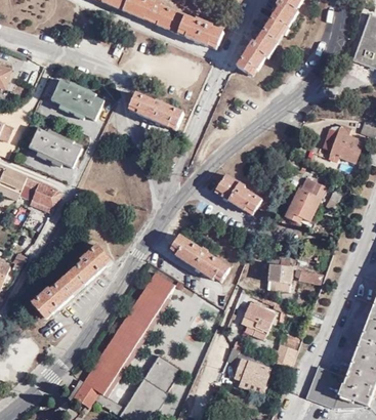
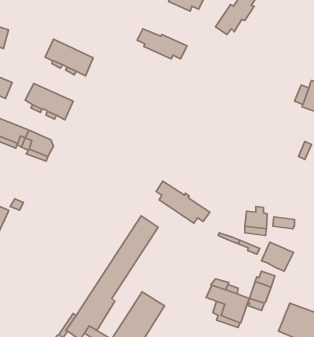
building: [129,94,183,127] -> [137,29,187,59]
building: [215,172,264,211] -> none
building: [283,177,324,223] -> none
building: [31,244,110,317] -> none
building: [240,304,275,336] -> [261,242,293,271]

